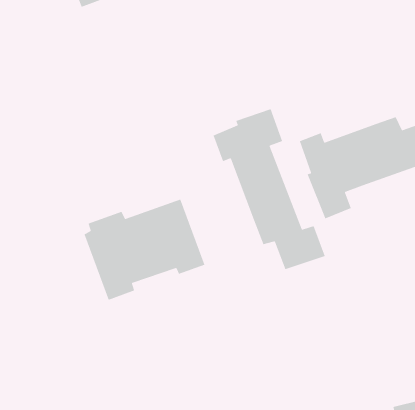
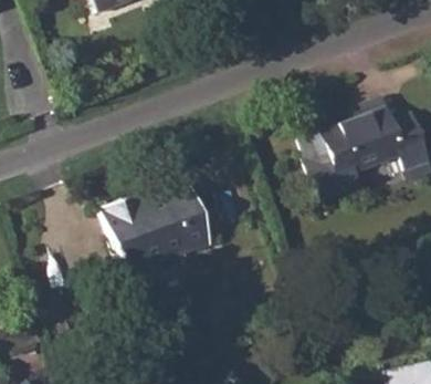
building: [213,108,326,270] -> none

